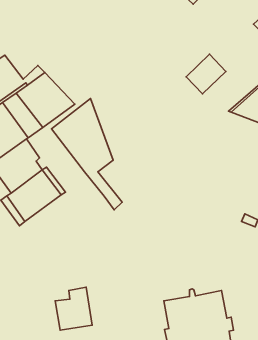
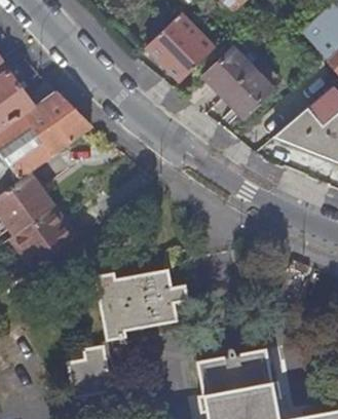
building: none -> [147,15,213,82]
building: none -> [203,49,251,97]
building: [51,99,122,210] -> none
building: none -> [95,270,187,341]

